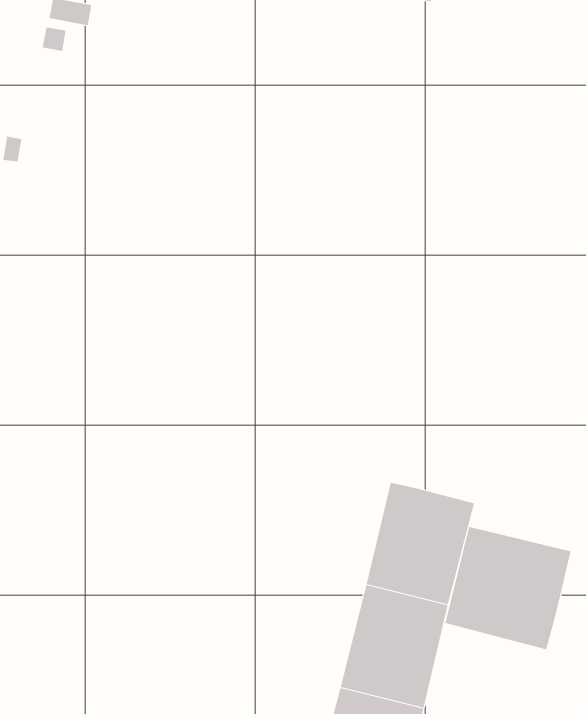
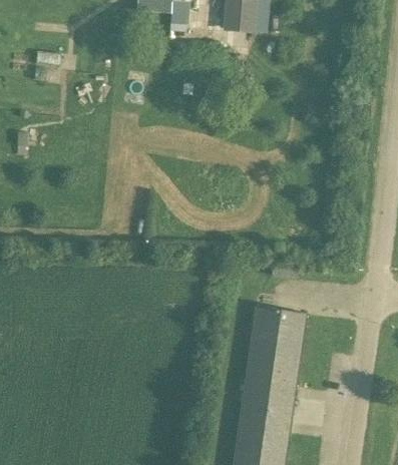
building: [445,526,571,650] -> none

